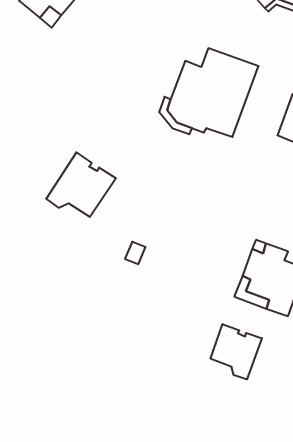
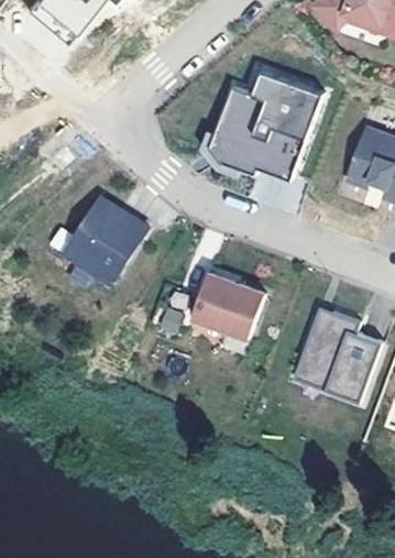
building: none -> [191,272,264,337]
building: [211,324,262,379] -> none

